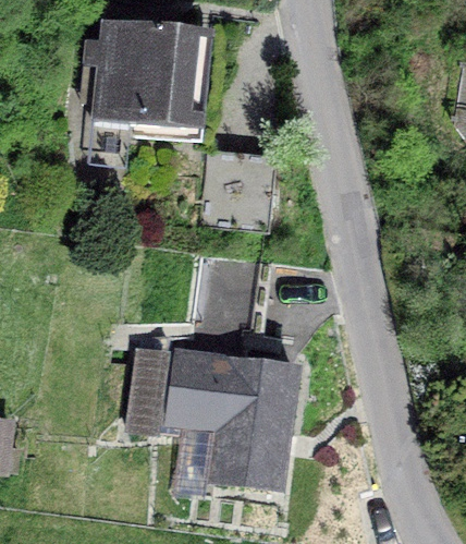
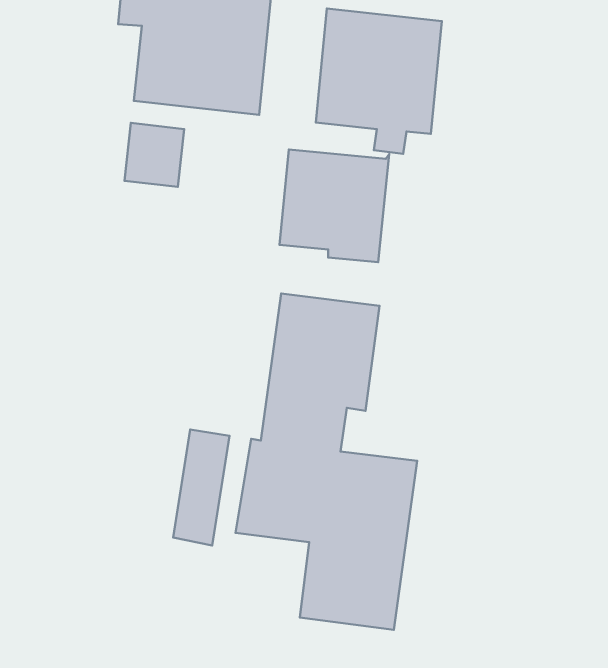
building: none -> [316,8,442,154]

